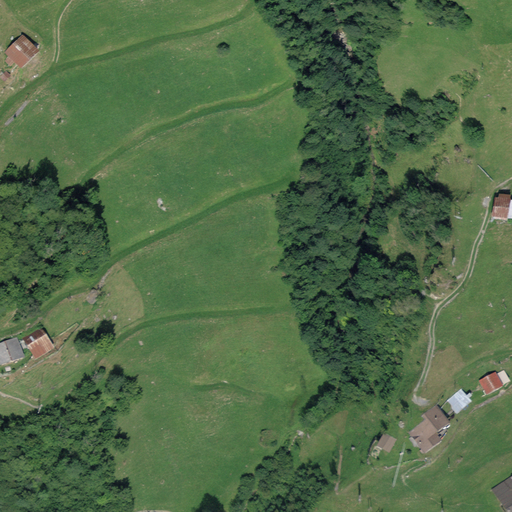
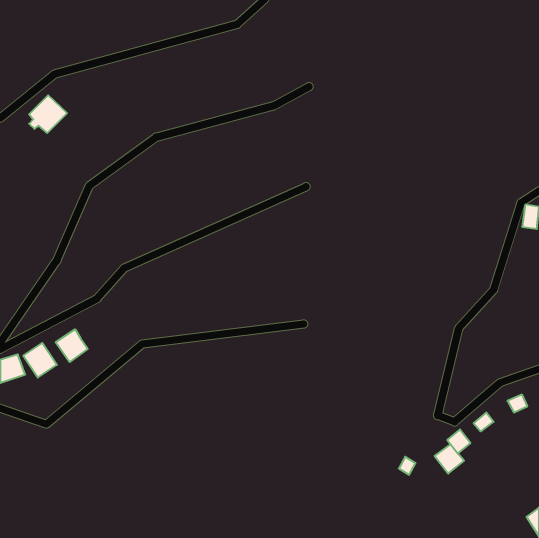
building: [5,33,41,69] -> [29,95,67,133]
building: none -> [56,329,88,362]

